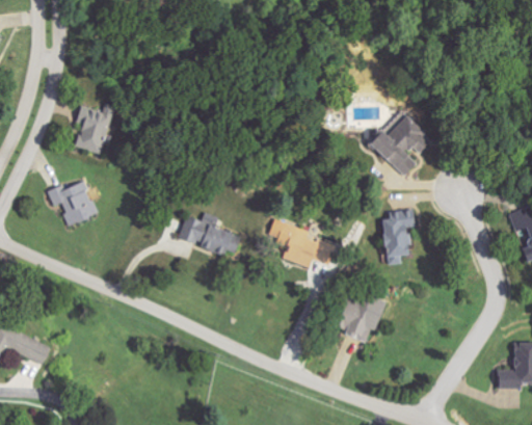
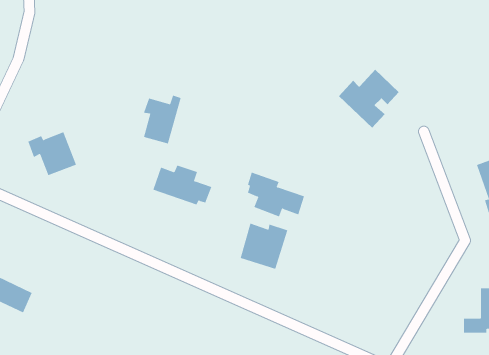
building: [76,102,115,153] -> [143,95,182,144]
building: [380,209,416,264] -> none
building: [334,291,383,339] -> [240,223,288,269]

